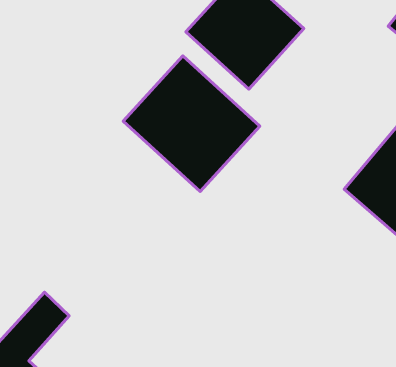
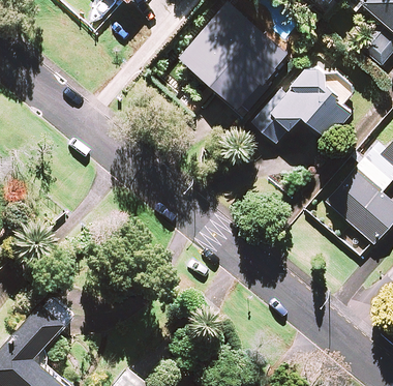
building: none -> [252,63,353,145]
building: [123,56,260,192] -> none

